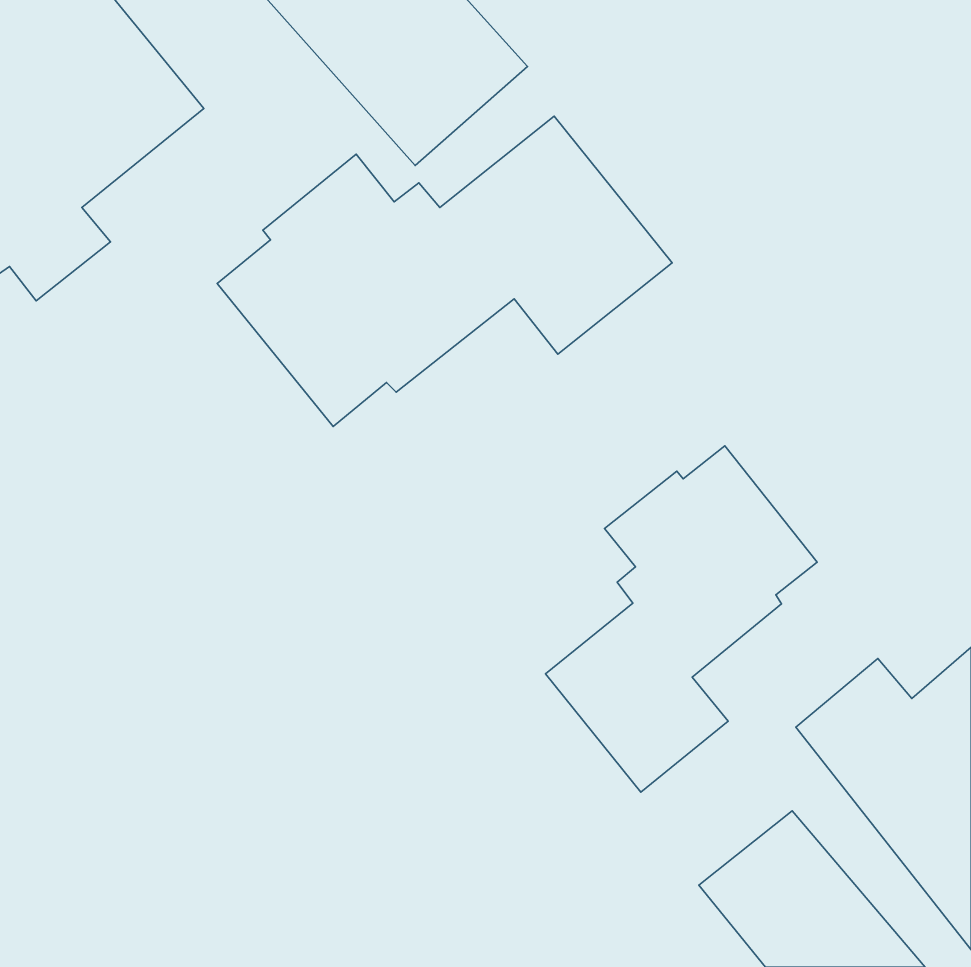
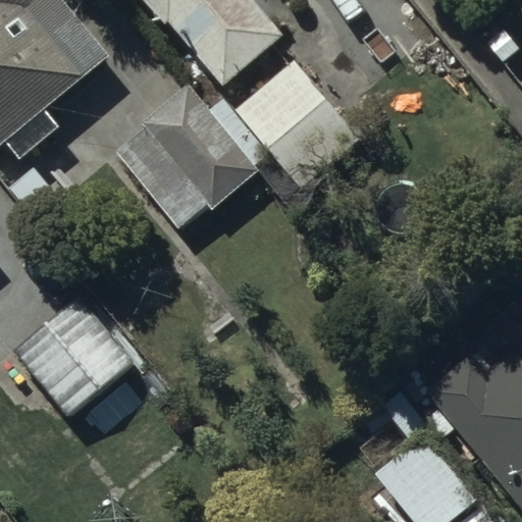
building: [546,446,817,792] -> none
building: none -> [14,294,134,414]

